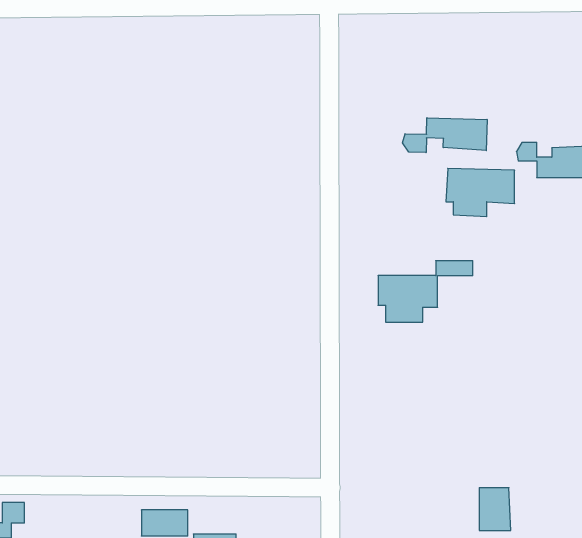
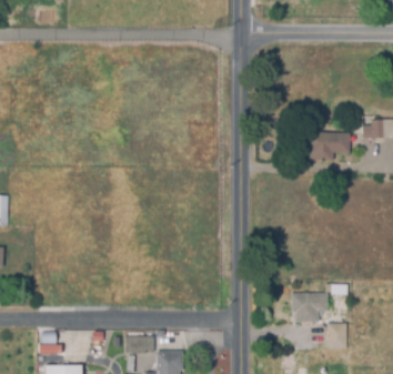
building: [403,118,487,153] -> none
building: [378,261,473,322] -> [292,284,349,321]

